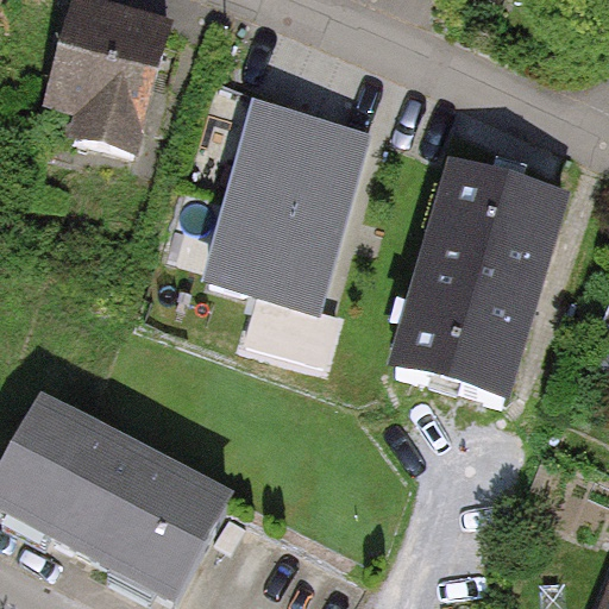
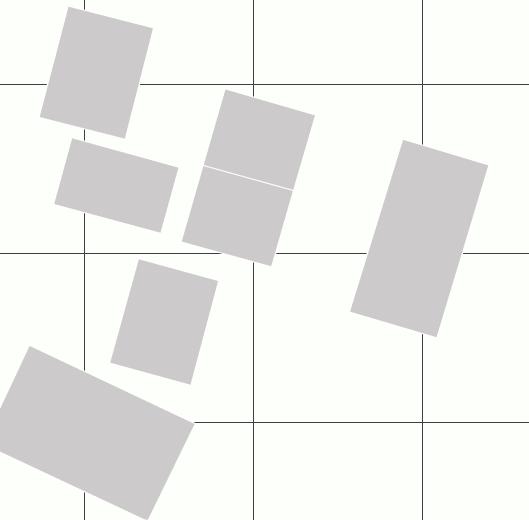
building: none -> [53,138,179,233]
building: none -> [110,259,219,386]

